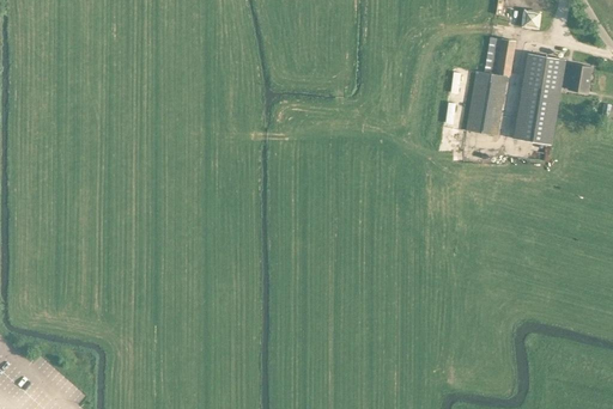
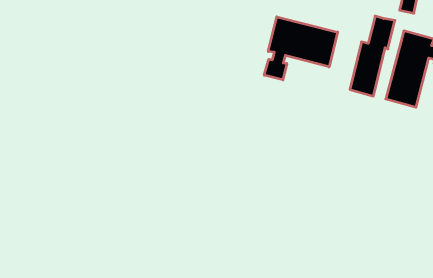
building: none -> [264,17,338,80]

